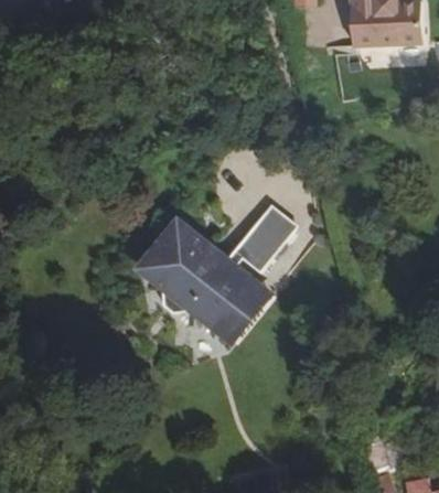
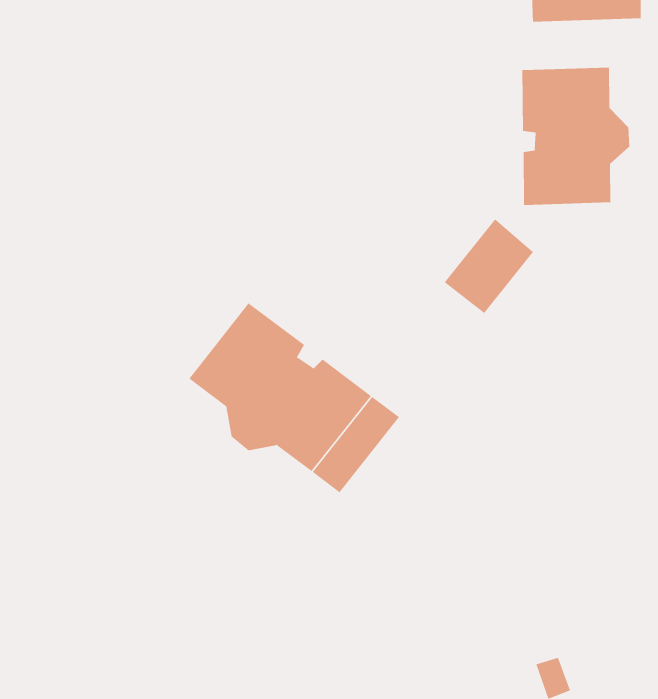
building: none -> [522,67,630,206]
building: [235,210,291,269] -> [444,219,534,314]

